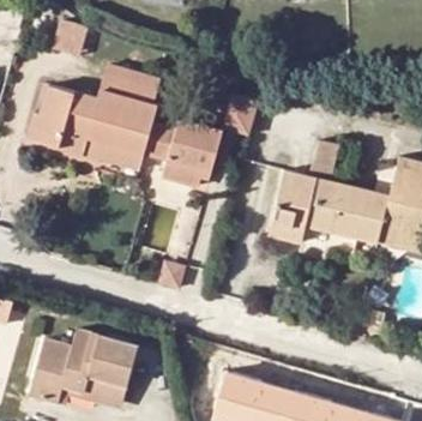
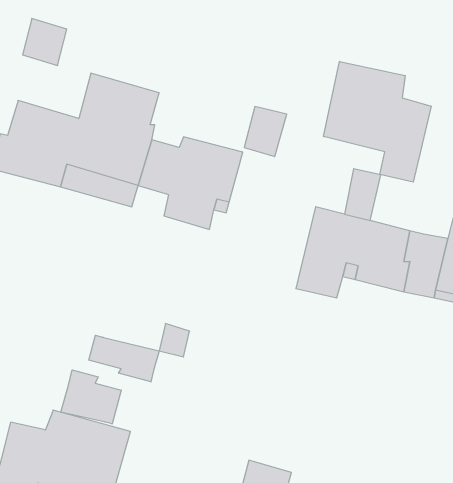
building: none -> [324,61,431,182]
building: none -> [89,335,159,382]
building: none -> [61,370,121,424]

